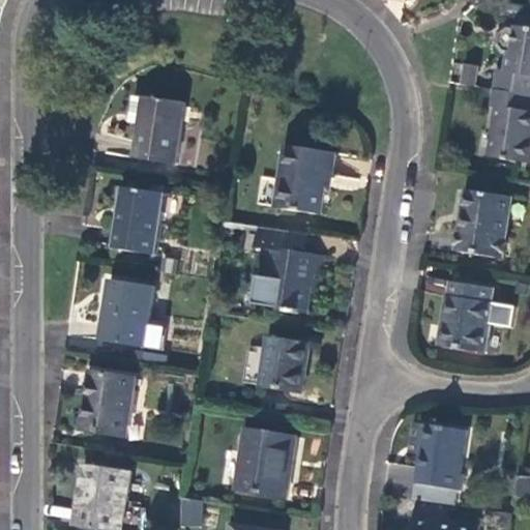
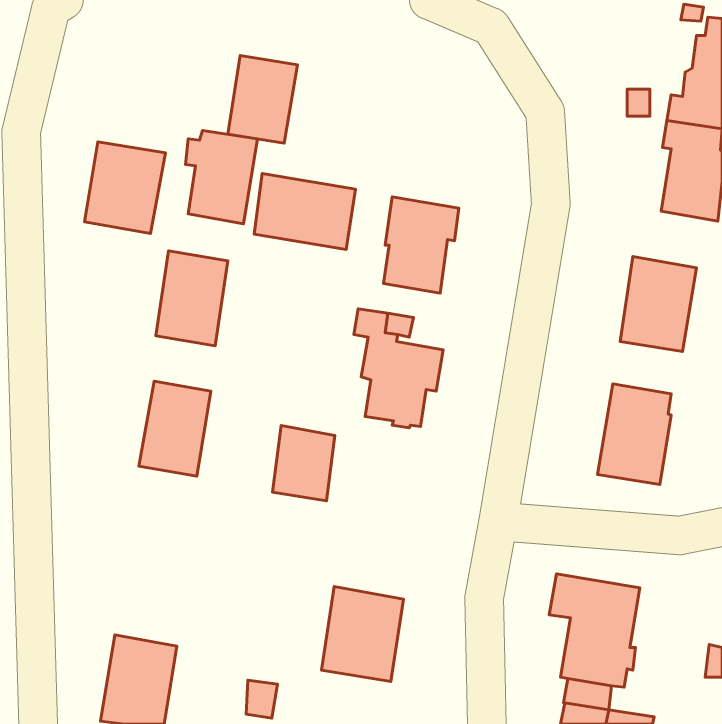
building: none -> [228,55,297,143]
building: none -> [85,142,166,233]
building: none -> [254,173,355,249]
building: [263,337,308,392] -> [273,426,335,501]
building: [82,372,136,438] -> none

